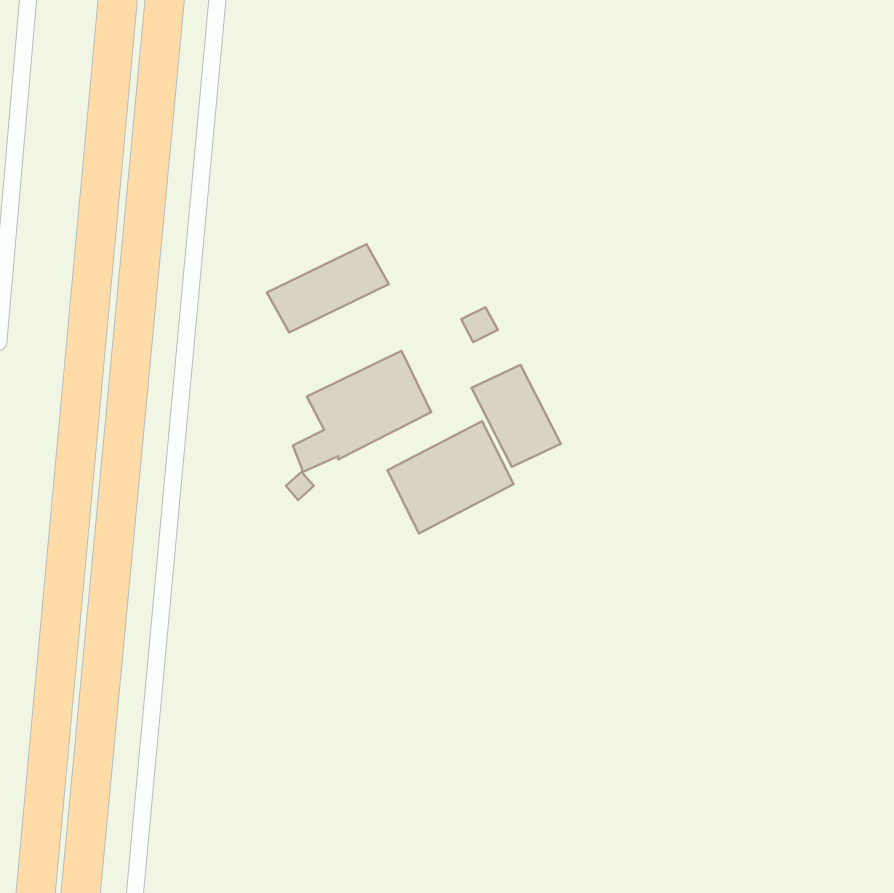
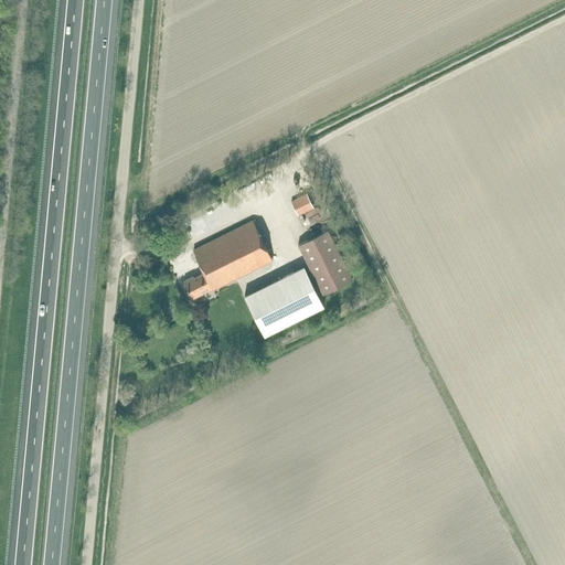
building: [267,244,389,332] -> none

